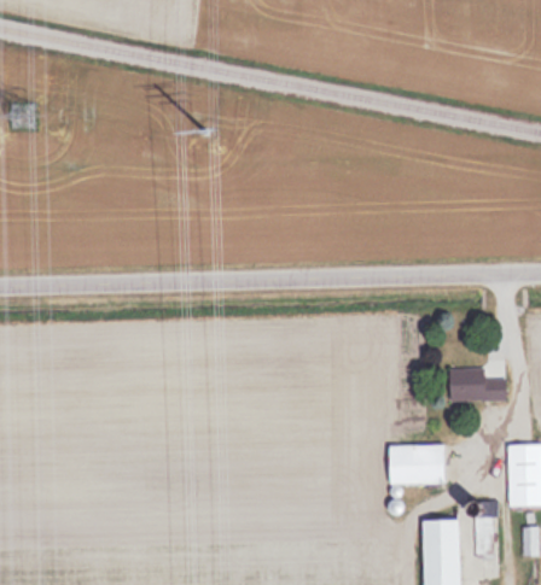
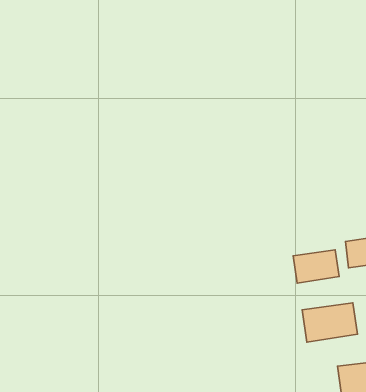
building: none -> [293,250,339,283]

